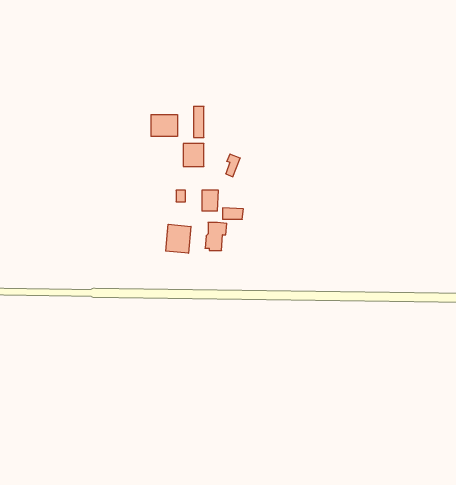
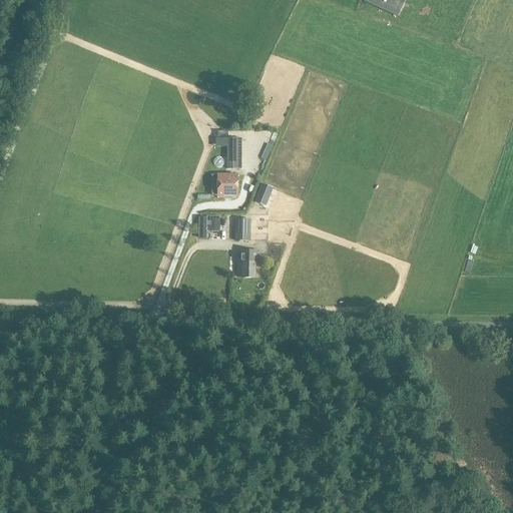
building: [151,115,177,136] -> none
building: [166,224,191,253] -> none

